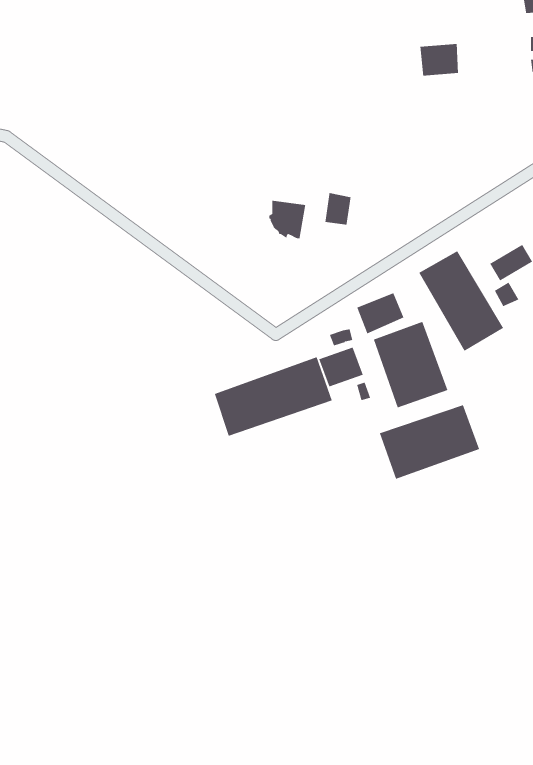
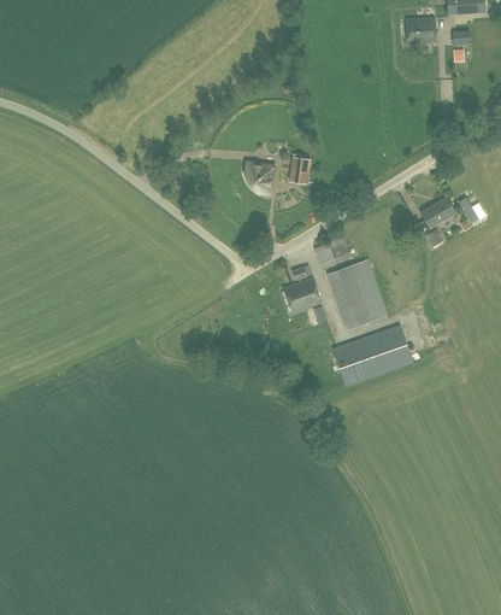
building: [420,43,459,76] -> [405,16,436,42]
building: [418,250,504,352] -> none
building: [214,356,333,437] -> none

